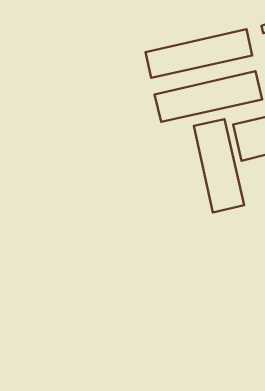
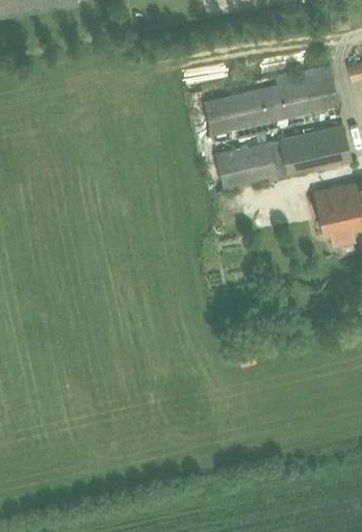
building: [194,119,244,213] -> none

